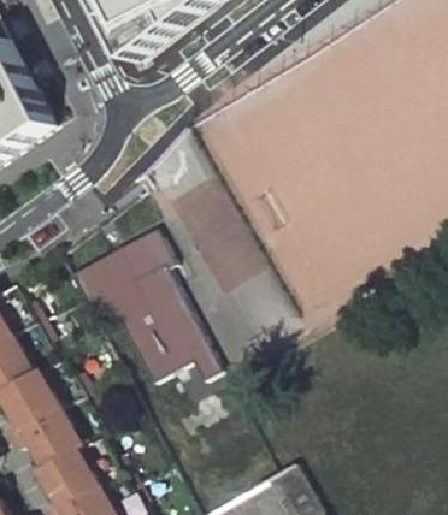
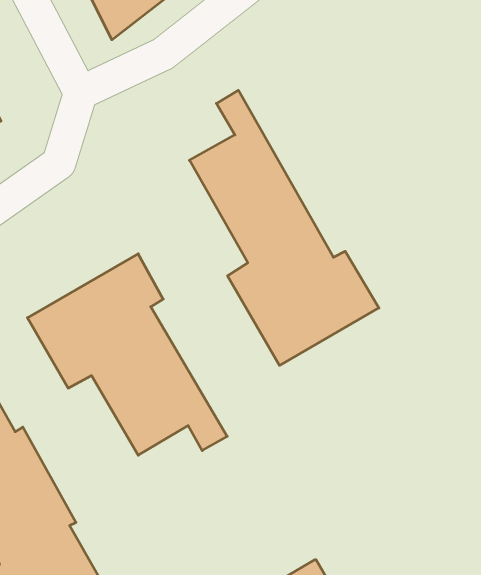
building: none -> [189,90,379,365]

